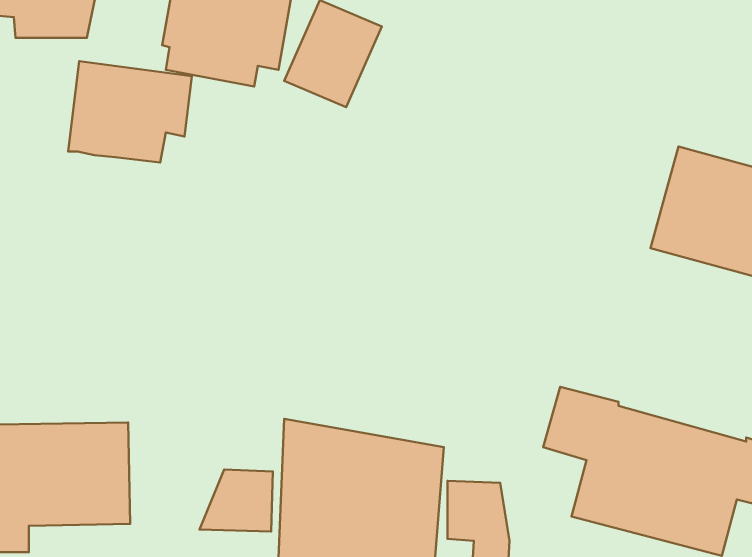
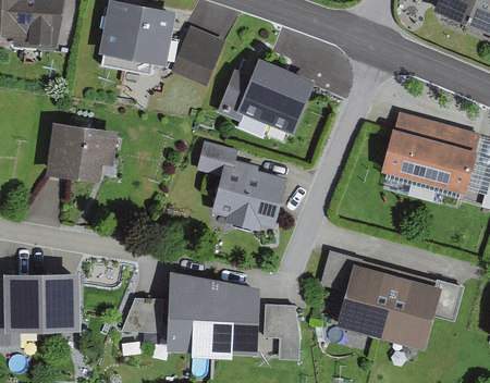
building: none -> [216,55,316,140]
building: [68,61,192,163] -> [46,123,118,182]
building: none -> [196,143,286,231]

